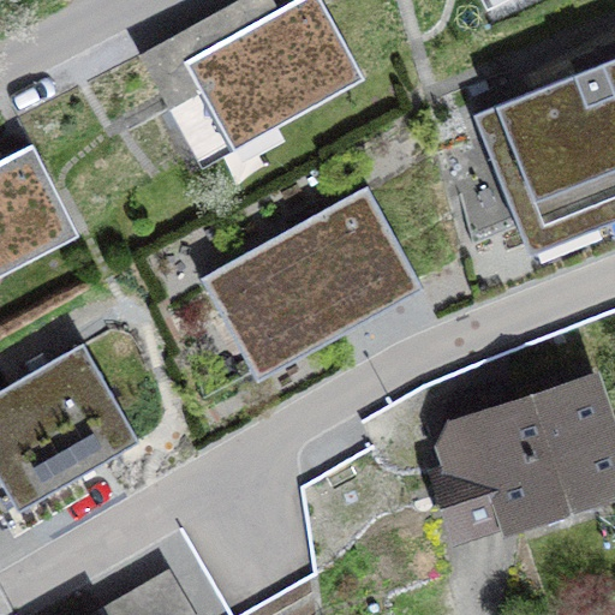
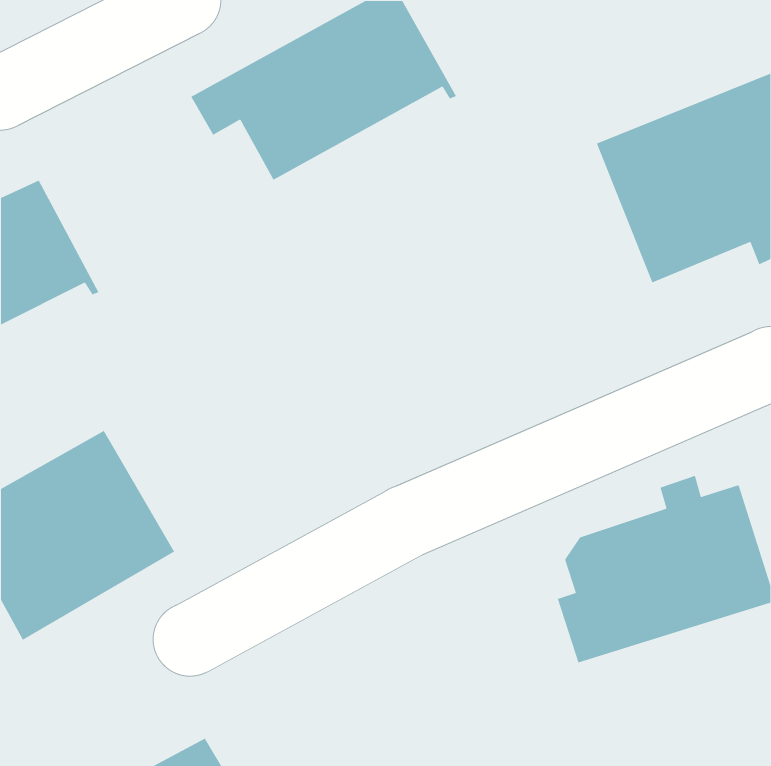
building: [184,189,419,404] -> none

